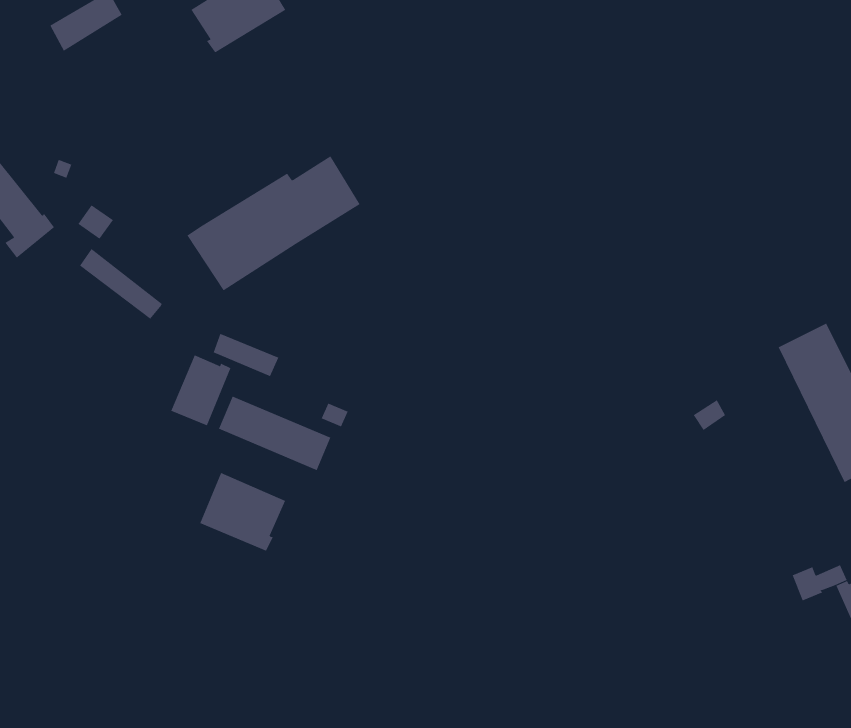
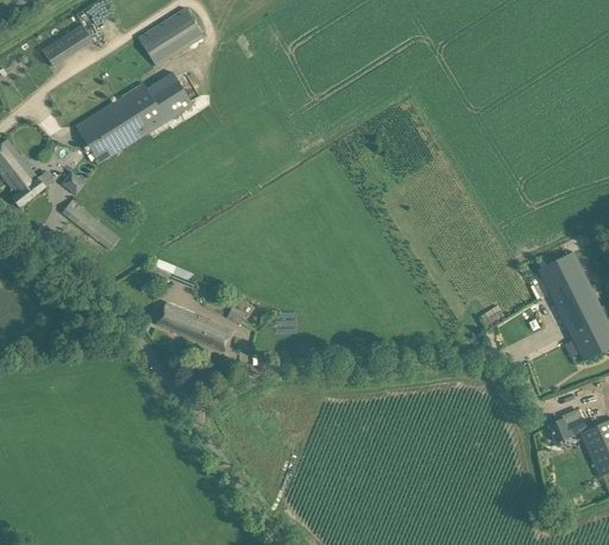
building: [187,155,360,291] -> [74,70,193,163]
building: [170,354,231,426] -> none
building: [200,472,286,551] -> none

